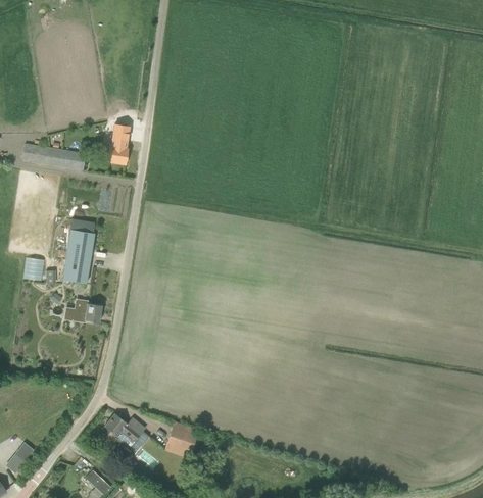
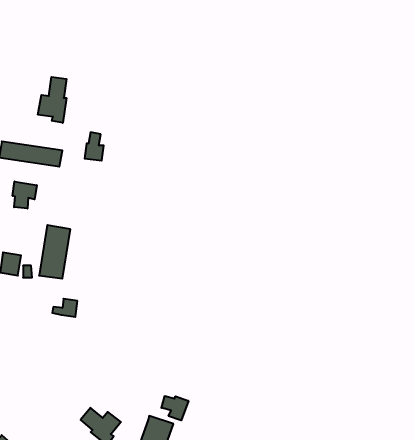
building: none -> [38,77,66,123]
building: none -> [13,181,37,209]
building: none -> [161,396,188,420]

